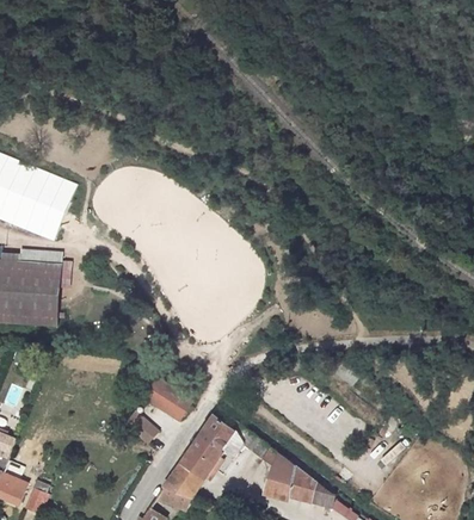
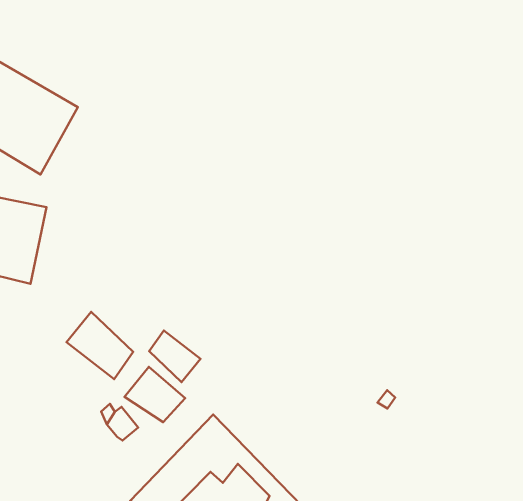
building: none -> [66,312,133,379]
building: none -> [149,330,200,382]

